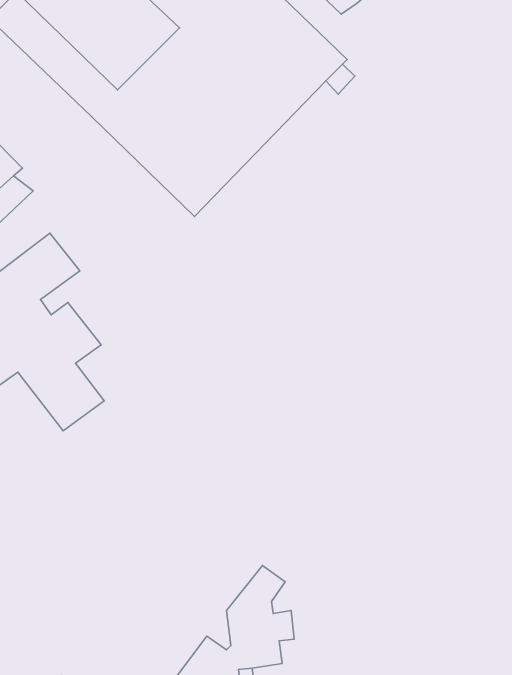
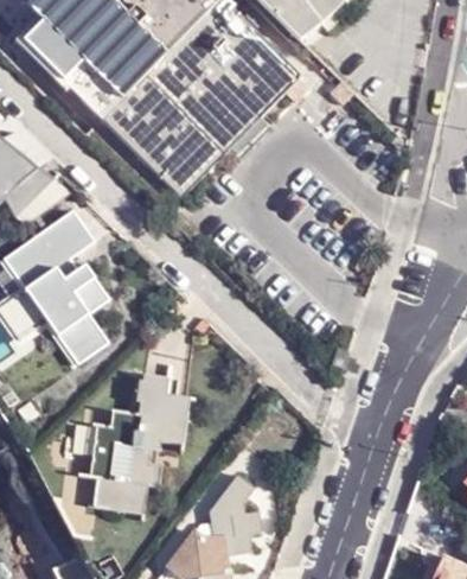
building: none -> [88,370,190,511]

